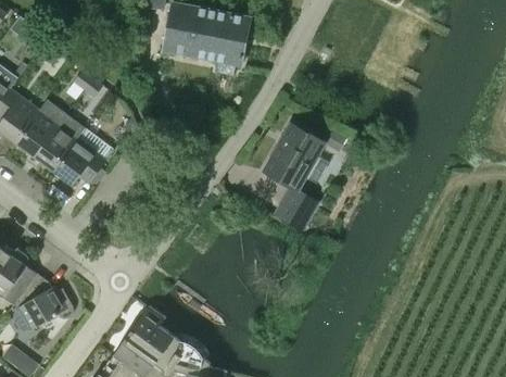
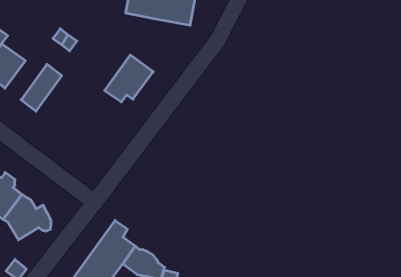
building: [14,99,65,156] -> none
building: [263,123,324,229] -> none
building: [52,127,112,185] -> [105,55,153,102]

